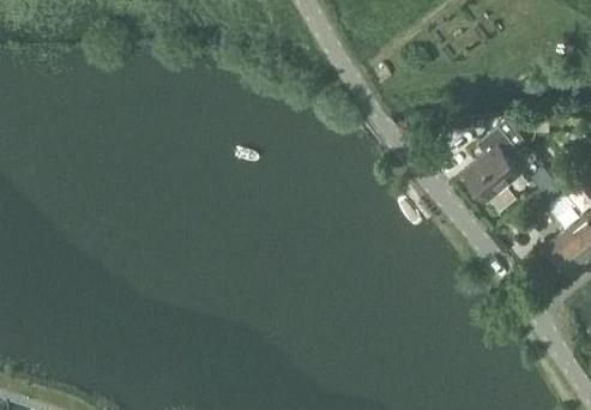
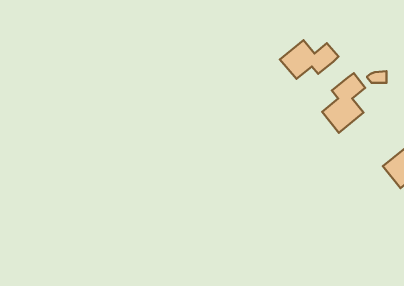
building: none -> [280,40,339,79]

